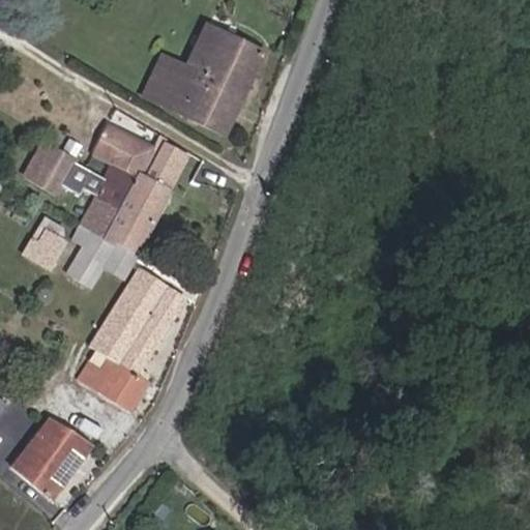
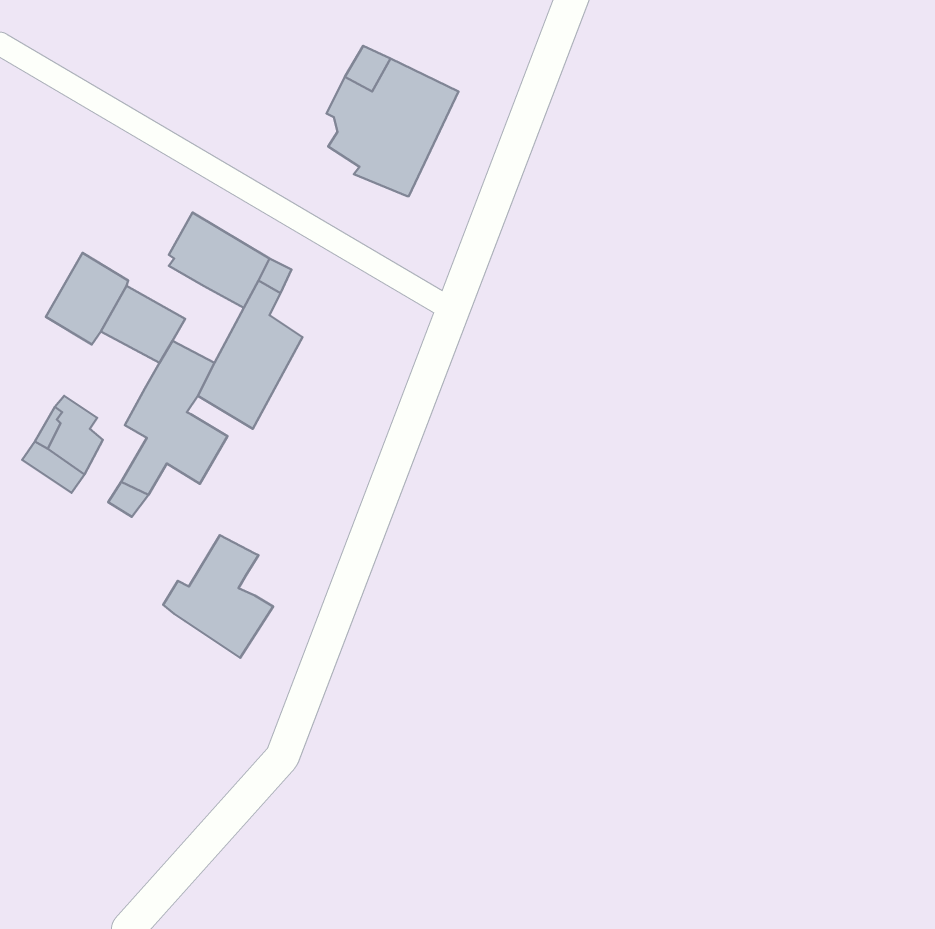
building: [145,54,232,124] -> none
building: [98,161,139,205] -> none
building: [125,273,184,343] -> none
building: [82,347,147,406] -> none
building: [7,414,88,496] -> none

